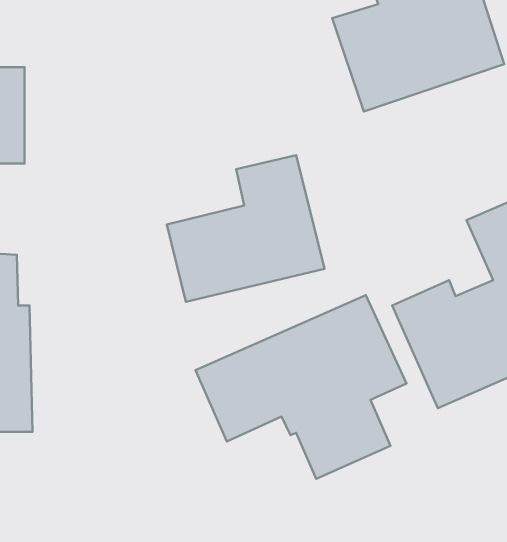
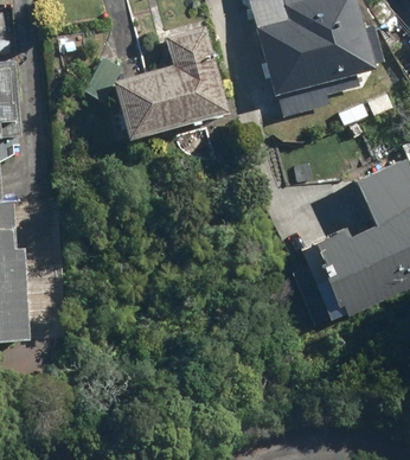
building: [167,155,325,302] -> [111,25,230,135]
building: [196,295,407,479] -> none

